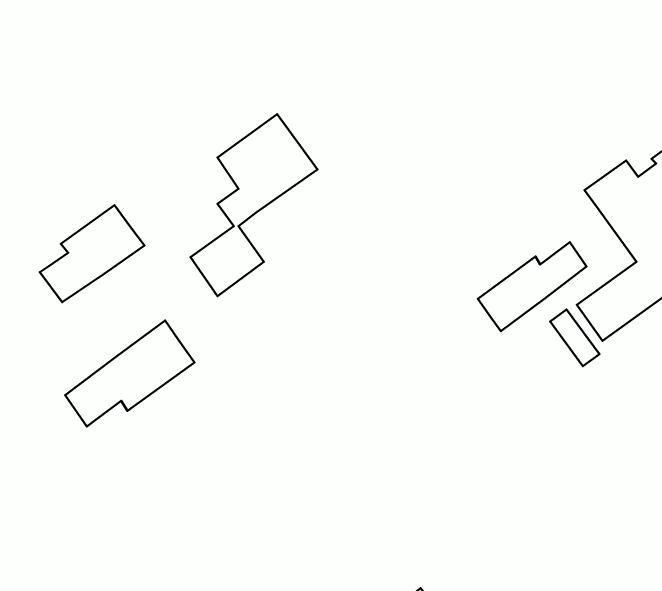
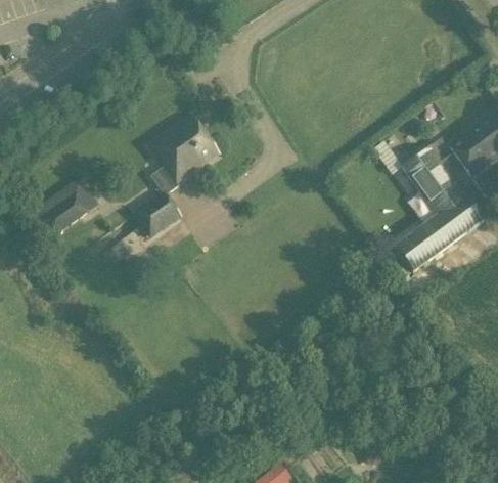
building: [478,242,587,331] -> none
building: [65,321,195,427] -> none

